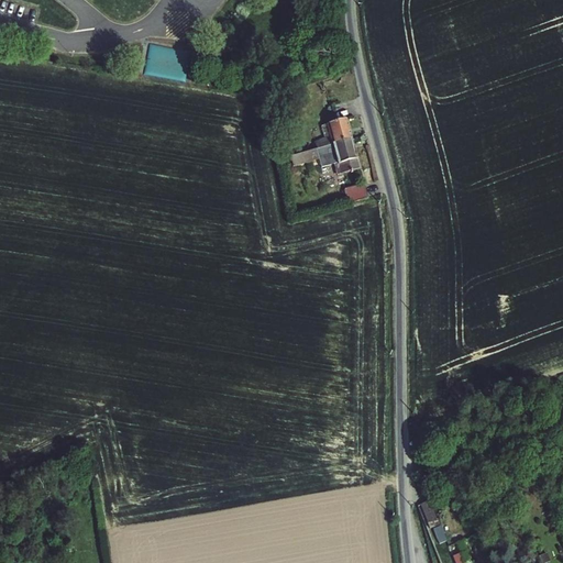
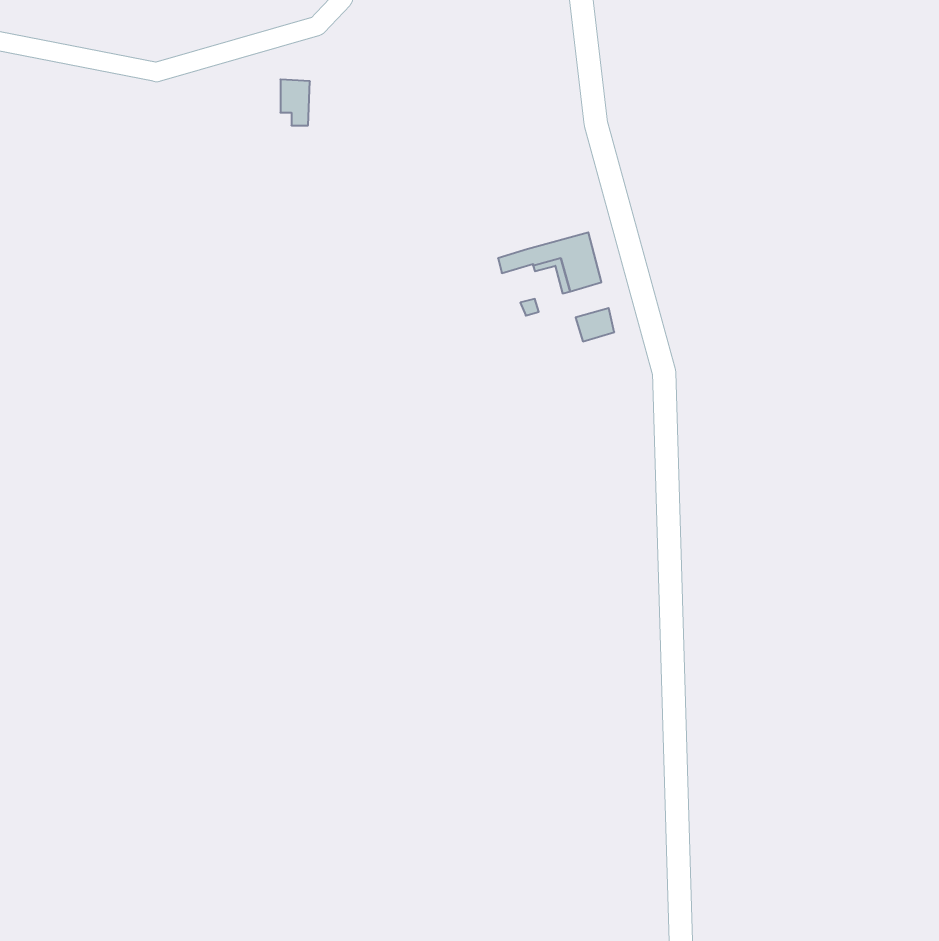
building: [313,118,351,148] -> none

